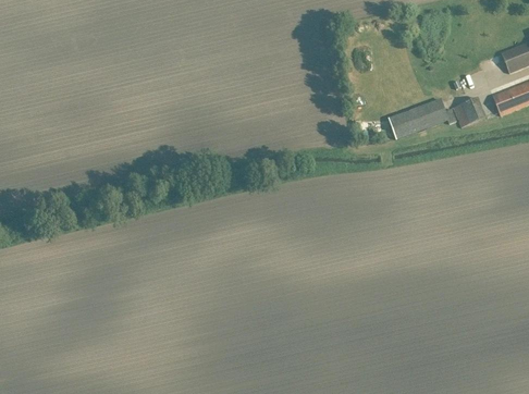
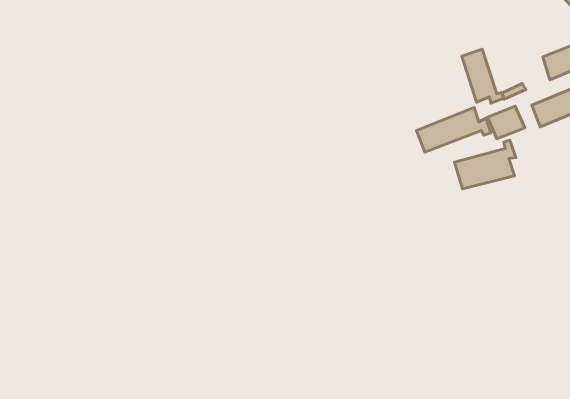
building: none -> [462,49,504,103]
building: none -> [455,140,516,189]

